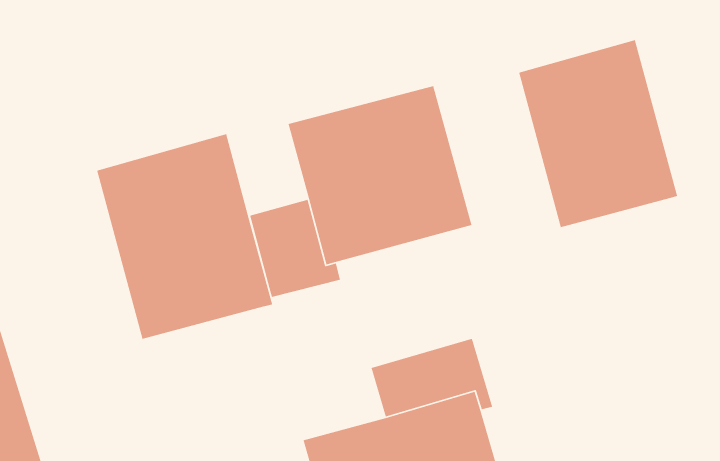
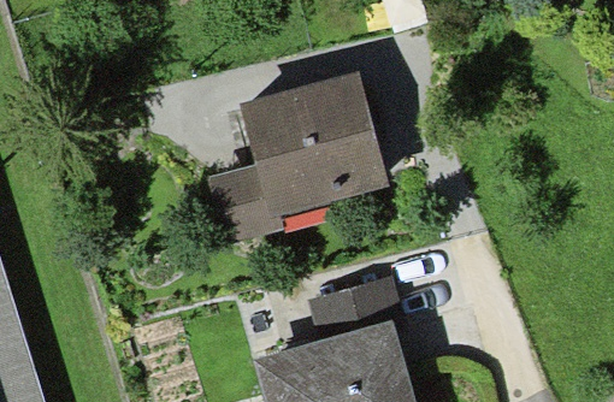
building: [518,39,678,228] -> none
building: [96,133,273,340] -> none

